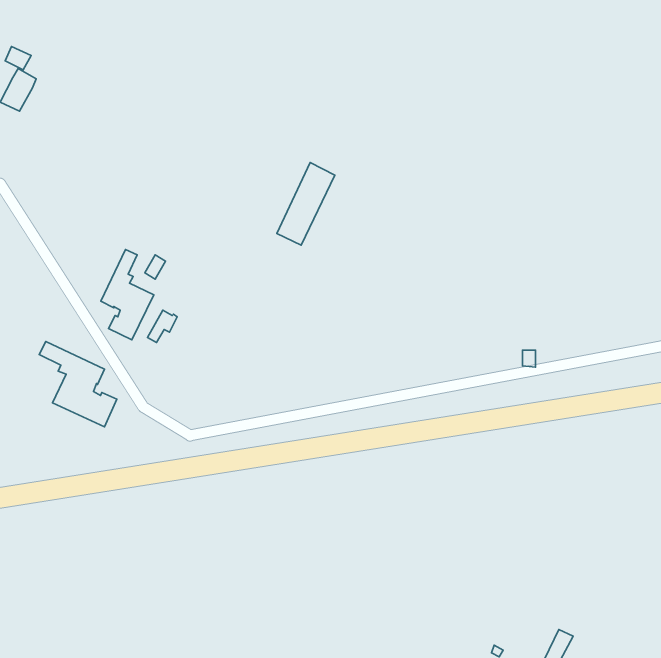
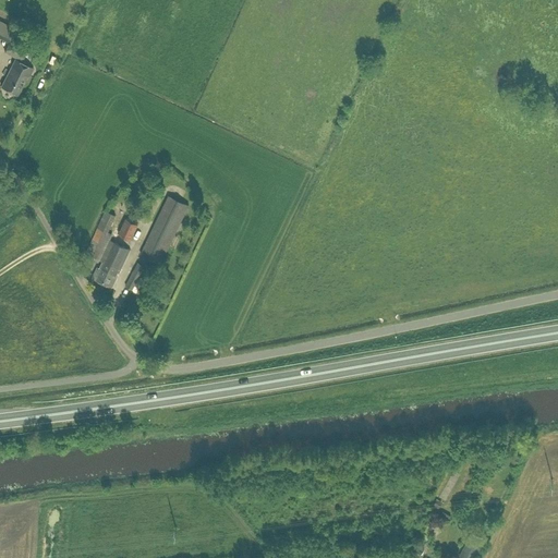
building: [277,162,335,245] -> [140,196,189,266]
building: [39,341,117,427] -> none

